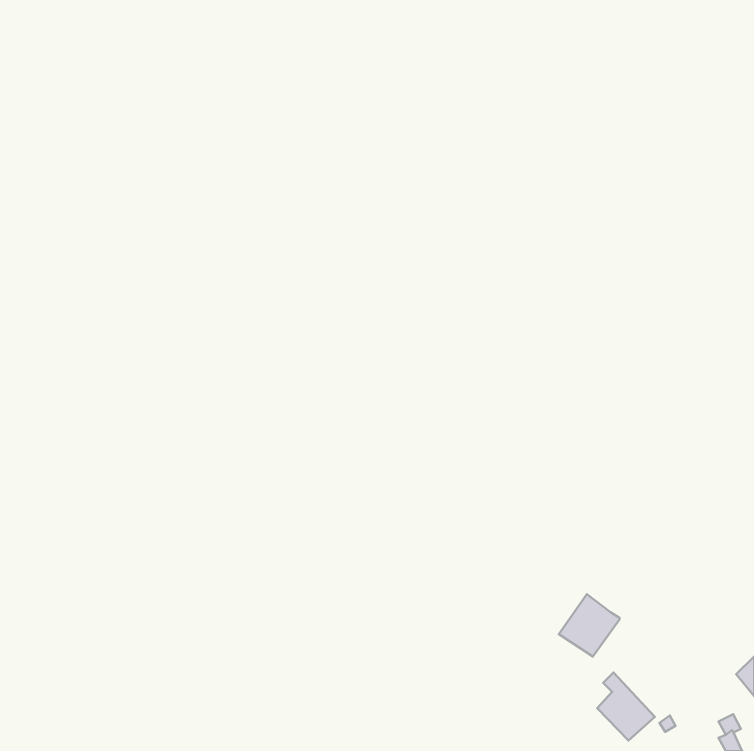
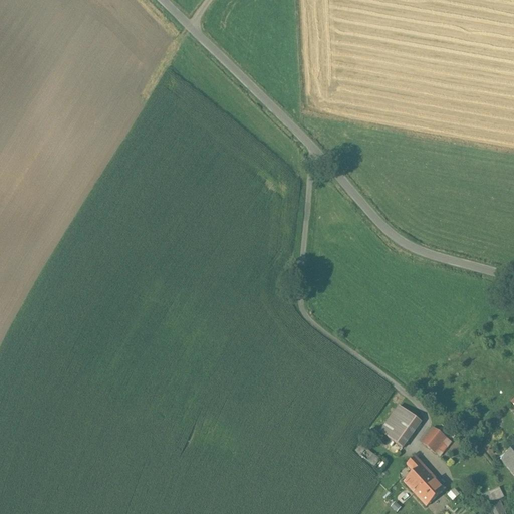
building: none -> [422,426,447,451]

